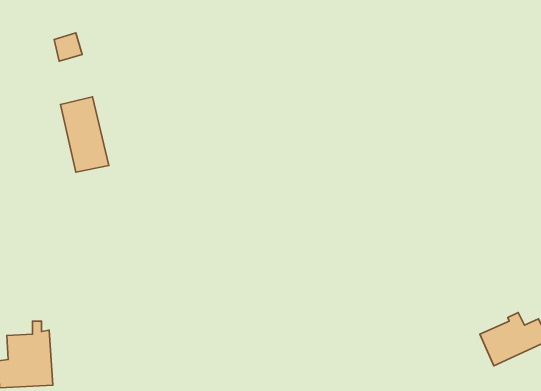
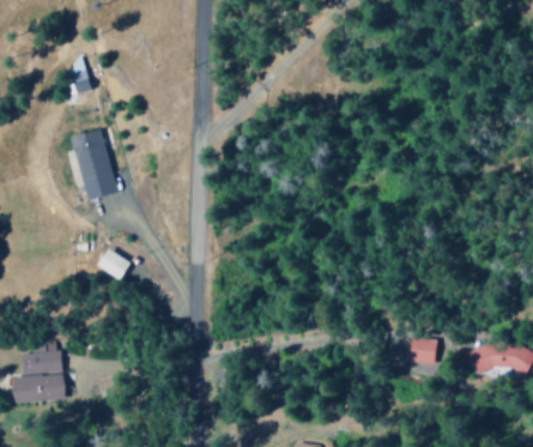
building: none -> [98,249,132,280]
building: none -> [410,338,434,363]

